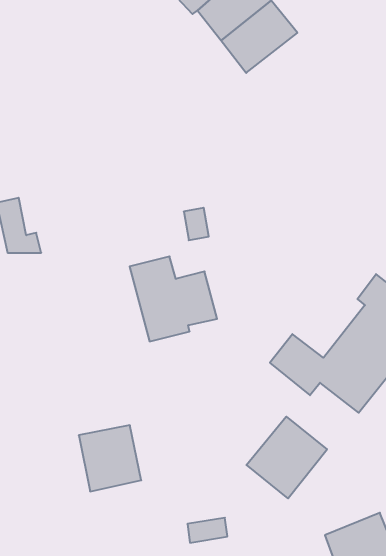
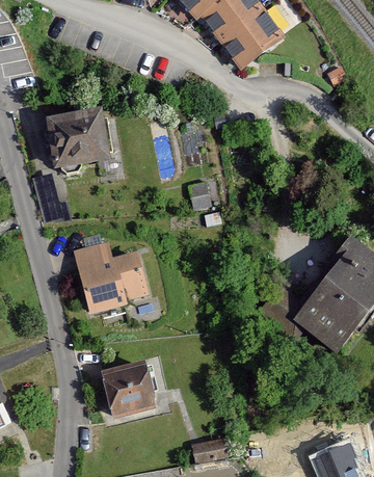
building: none -> [49,110,109,174]
building: [130,256,217,341] -> [75,241,148,312]
building: [246,417,327,498] -> none

